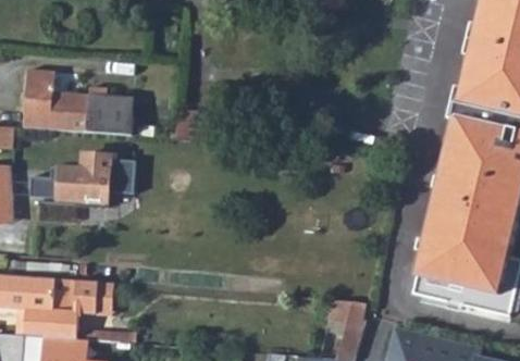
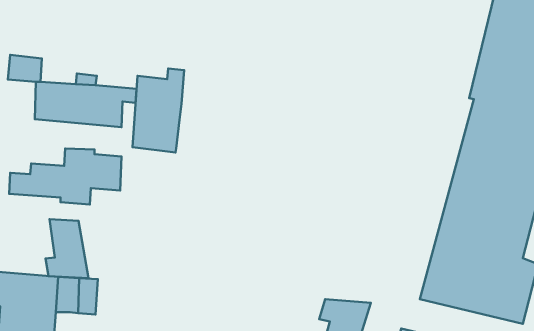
building: none -> [132,69,184,152]
building: [26,91,54,128] -> none
building: none -> [46,219,88,278]

